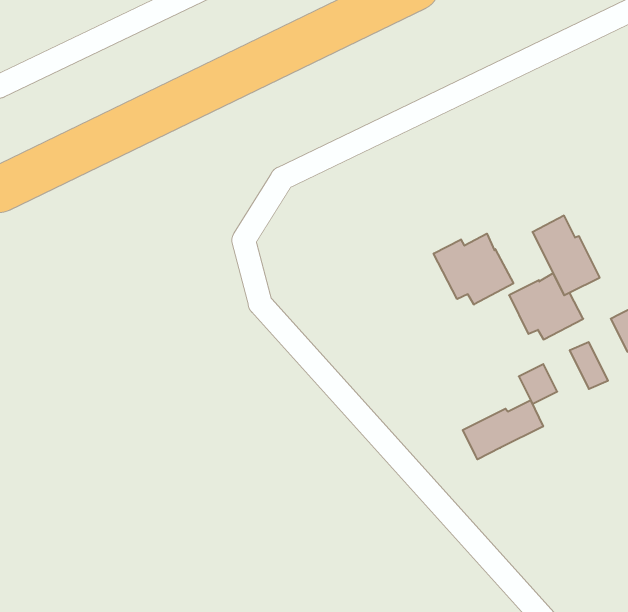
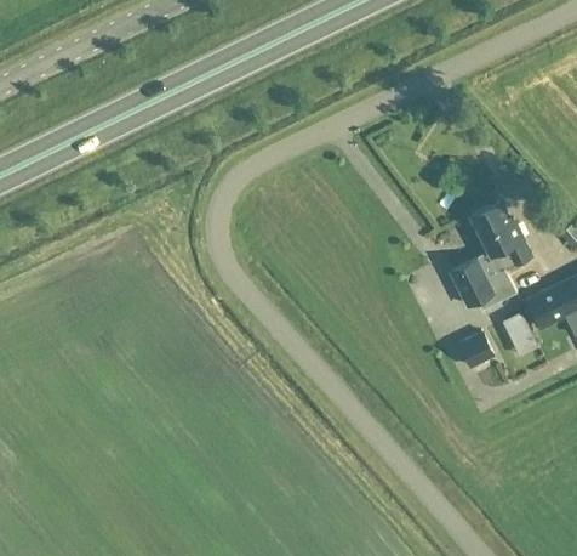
building: [434,234,513,305] -> none
building: [463,400,543,459] -> none

